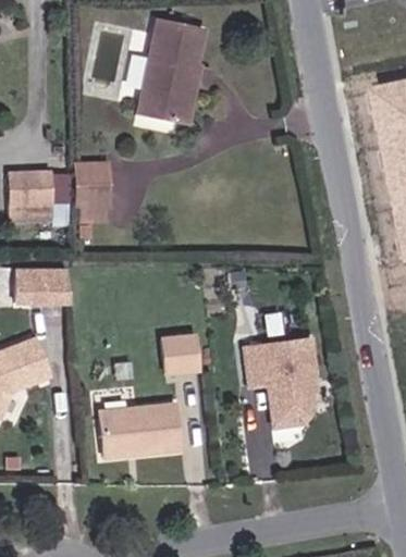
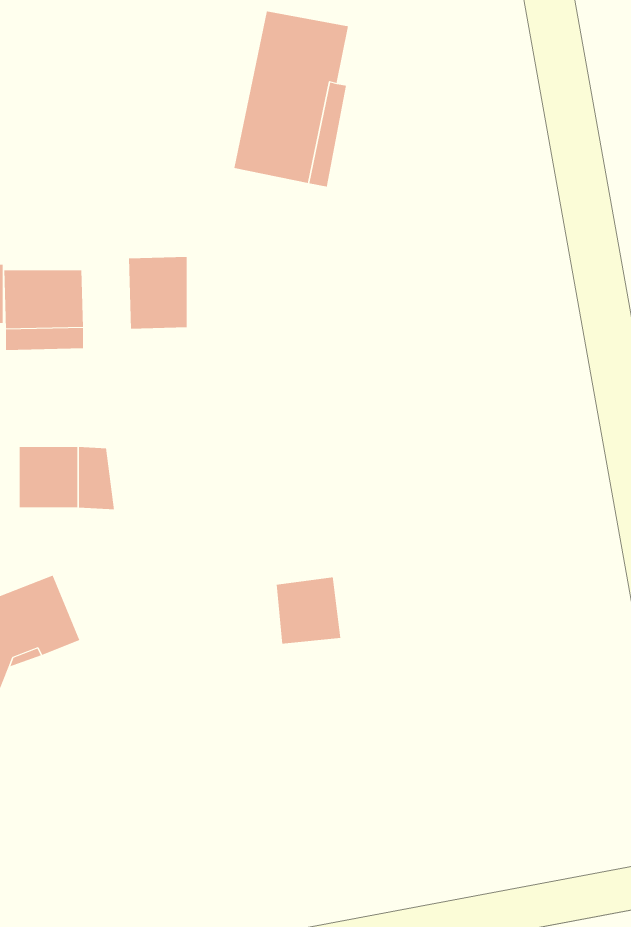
building: [246,343,318,429] -> none
building: [100,408,181,461] -> none

